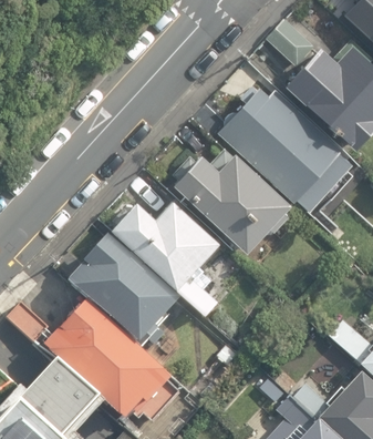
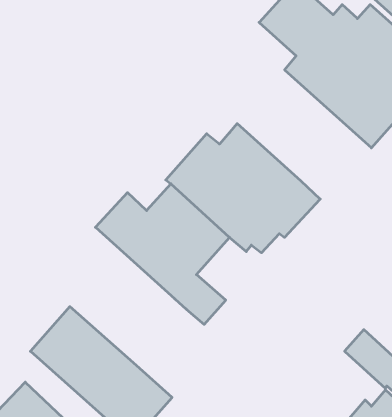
building: [213,84,354,212] -> none
building: [68,231,189,350] -> none

